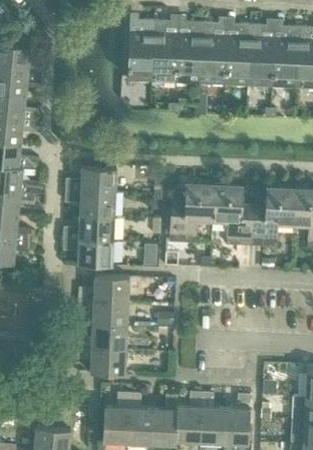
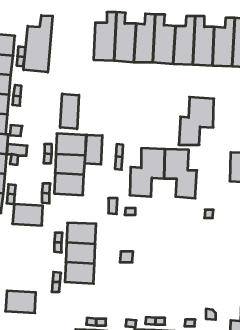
building: none -> [24,15,53,72]
building: none -> [60,94,79,129]
building: none -> [85,135,102,164]
building: [251,187,294,246] -> [179,97,214,145]
building: [76,240,113,266] -> [12,204,43,225]
building: [89,348,126,375] -> [5,291,36,313]

